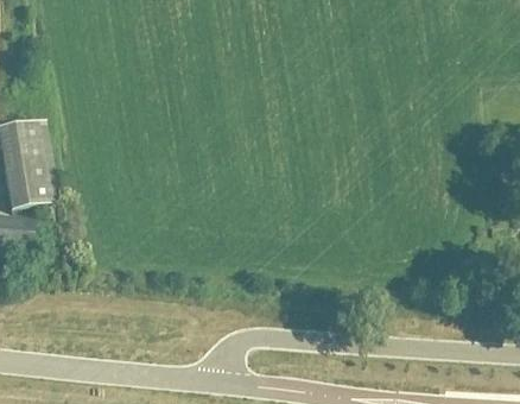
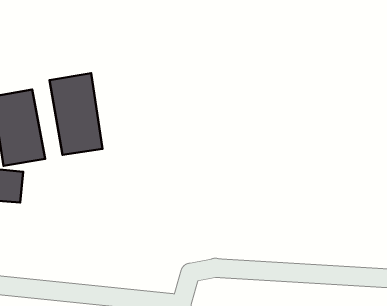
building: none -> [49,73,102,155]

